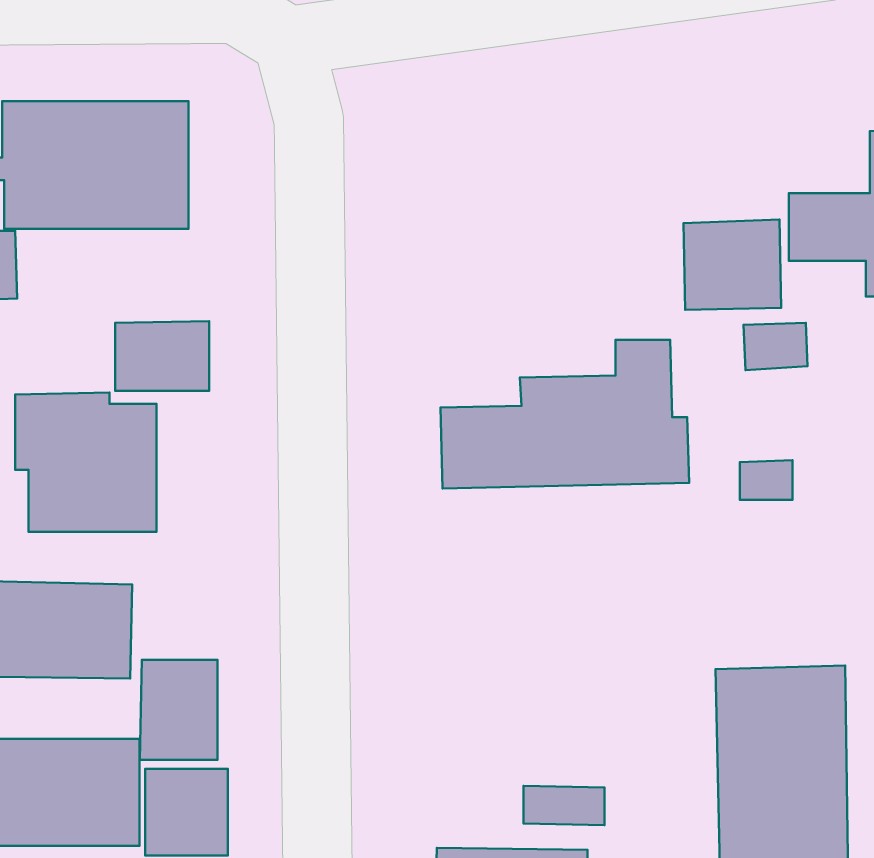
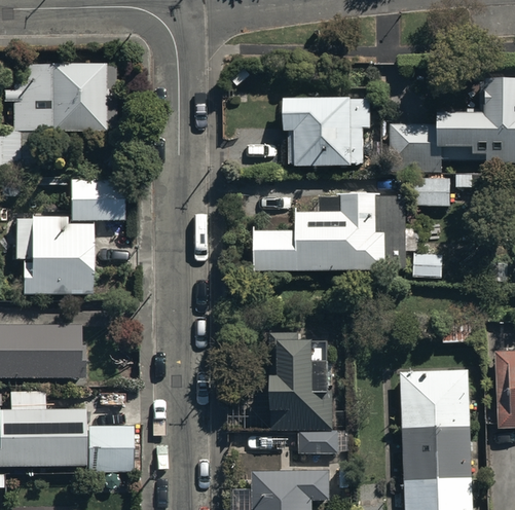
building: none -> [281,94,370,165]
building: none -> [266,336,332,428]
building: [140,660,217,760] -> none

